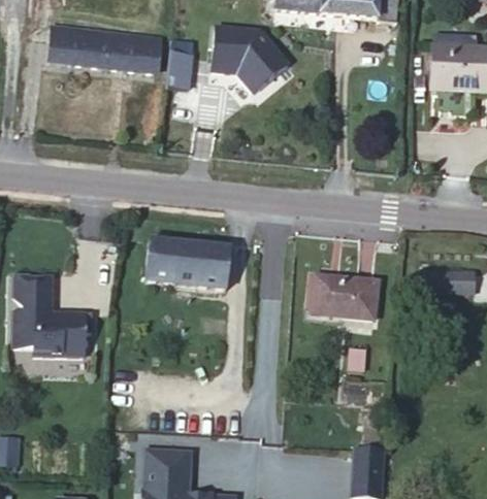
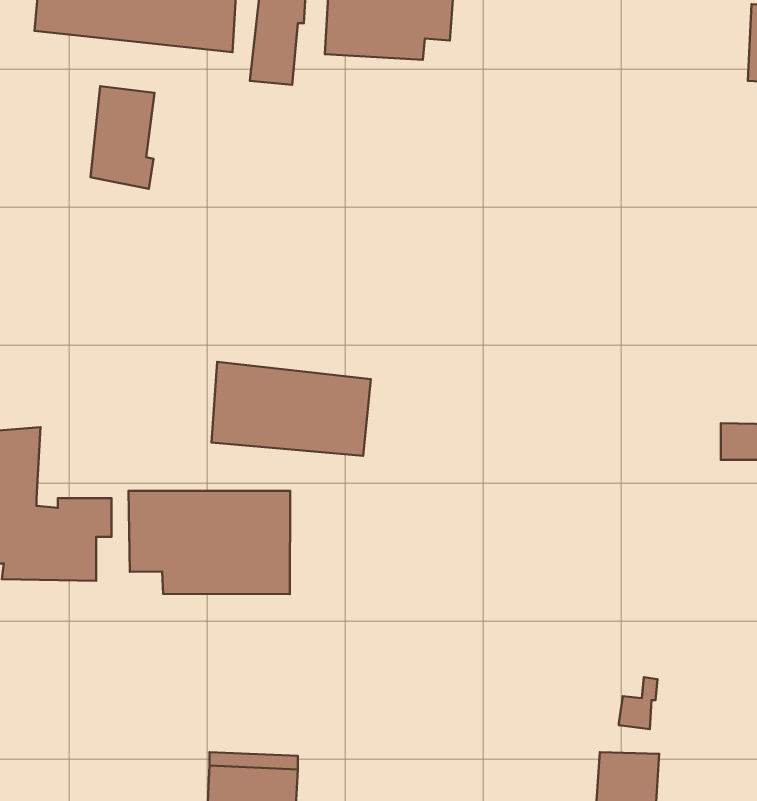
building: none -> [90,86,155,189]
building: [312,275,379,320] -> none
building: none -> [129,491,290,594]

